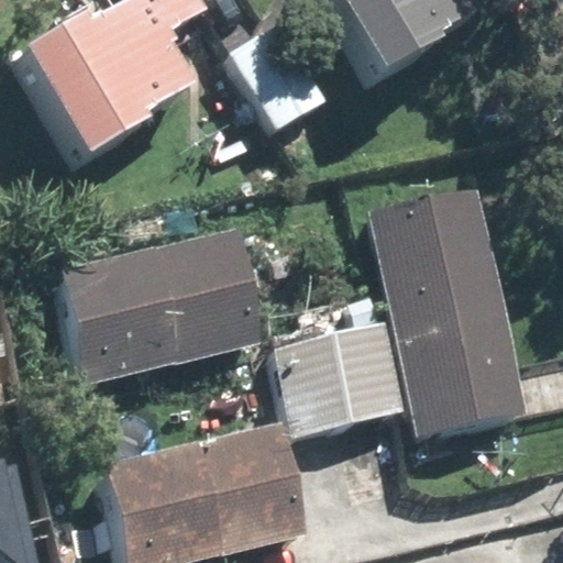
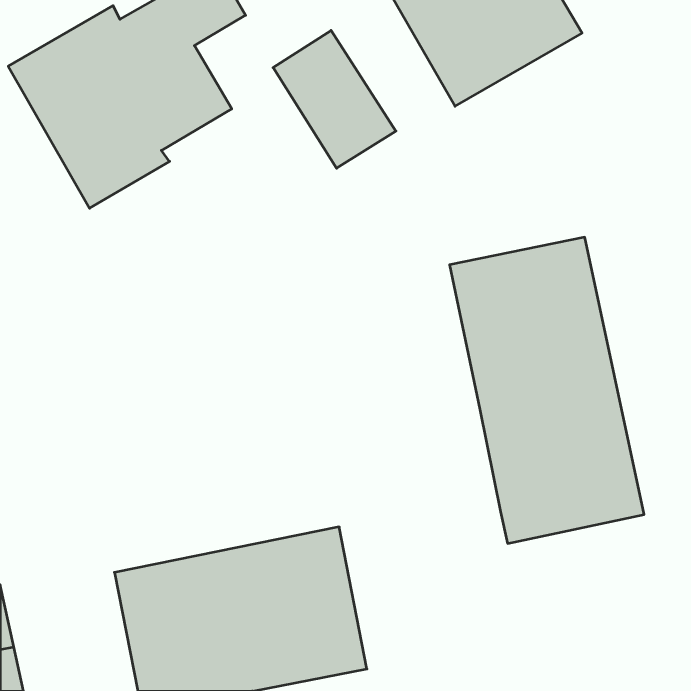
building: [55,236,260,385] -> none
building: [273,327,410,433] -> none

